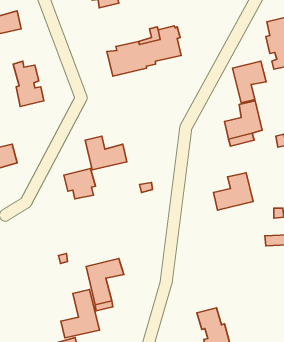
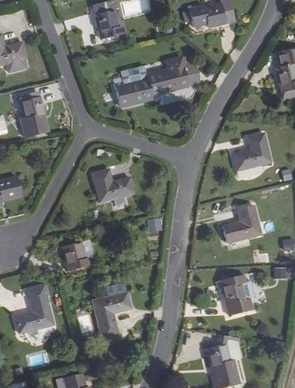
building: [233,61,266,103] -> none
building: [64,168,96,199] -> [61,239,93,270]
building: none -> [218,274,252,315]
building: [61,290,99,338] -> [14,283,53,332]

